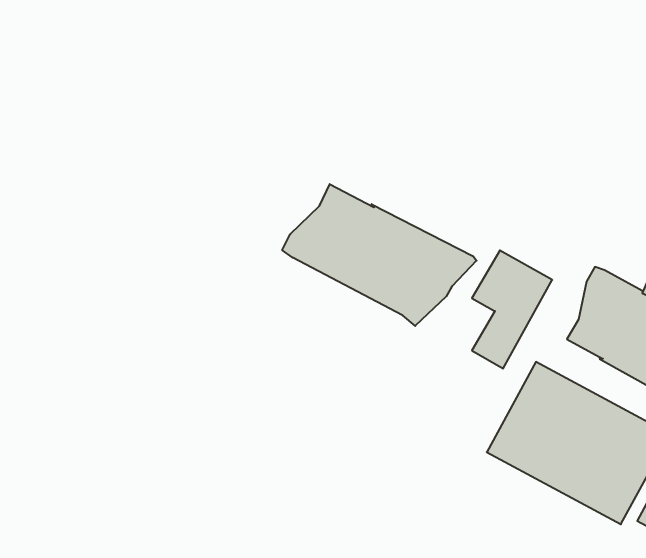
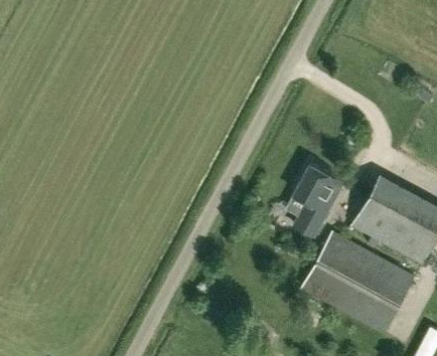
building: [282,184,477,326] -> none

